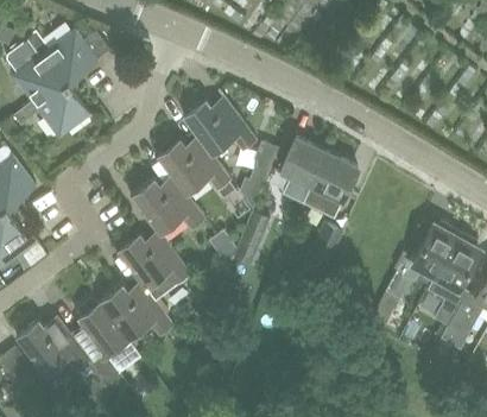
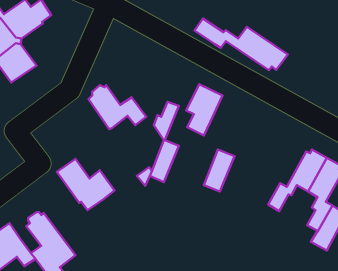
building: none -> [195,19,288,70]
building: [181,100,255,157] -> none
building: [311,153,358,202] -> none
building: [131,179,203,235] -> none
building: [99,286,172,341] -> none

